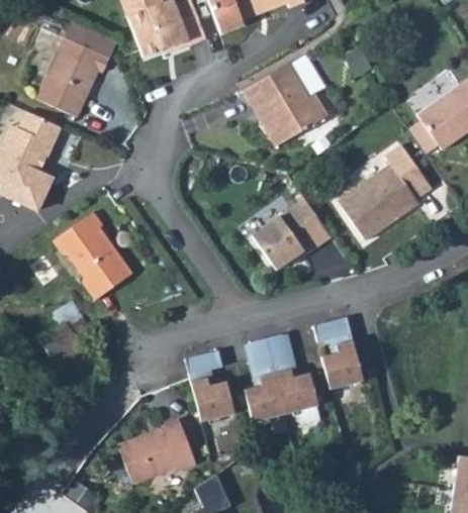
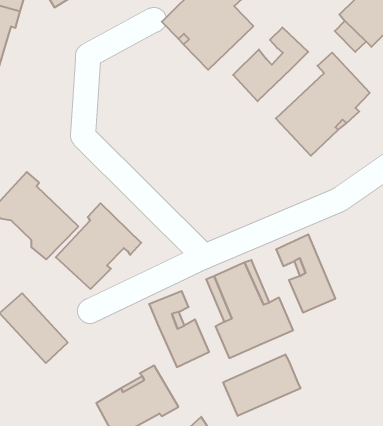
building: none -> [233,27,308,101]
building: [253,206,319,271] -> none
building: none -> [56,203,141,289]
building: none -> [223,354,300,416]

